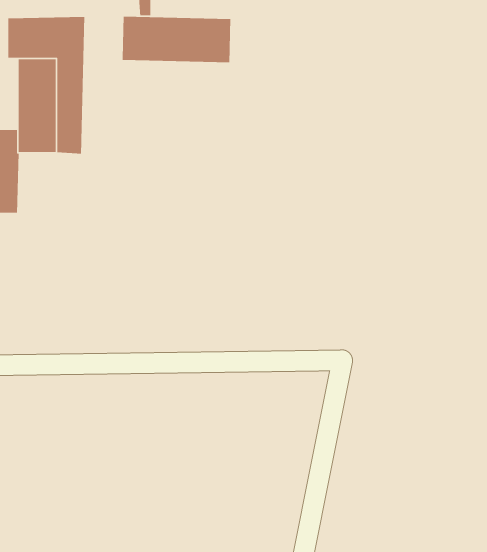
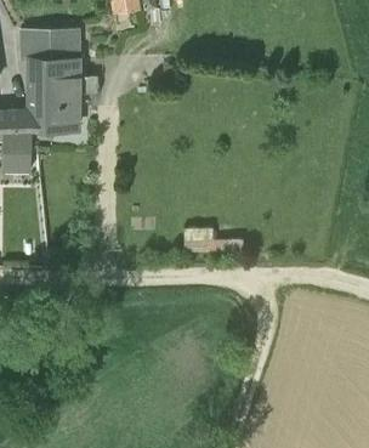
building: [122,16,231,63] -> none

